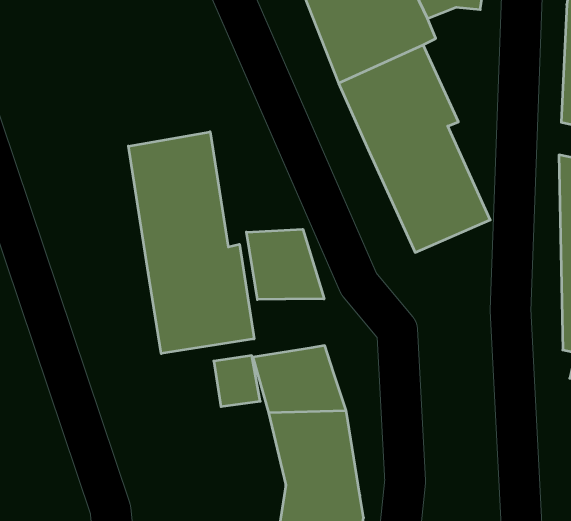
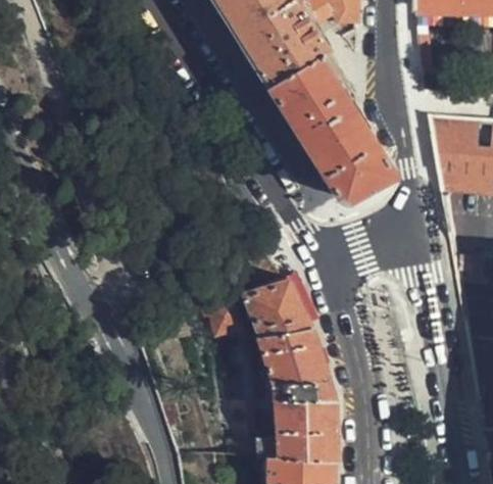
building: [128,132,254,354] -> none
building: [246,229,324,300] -> none

